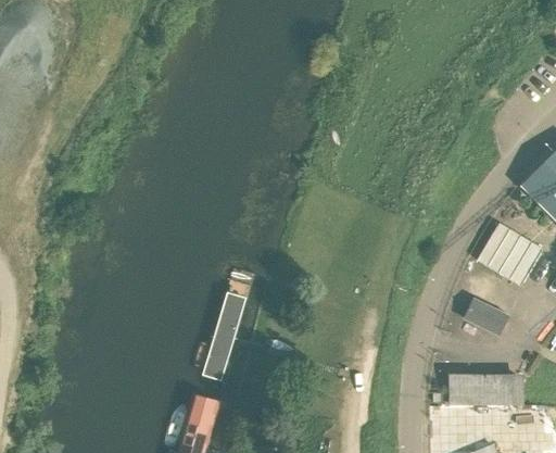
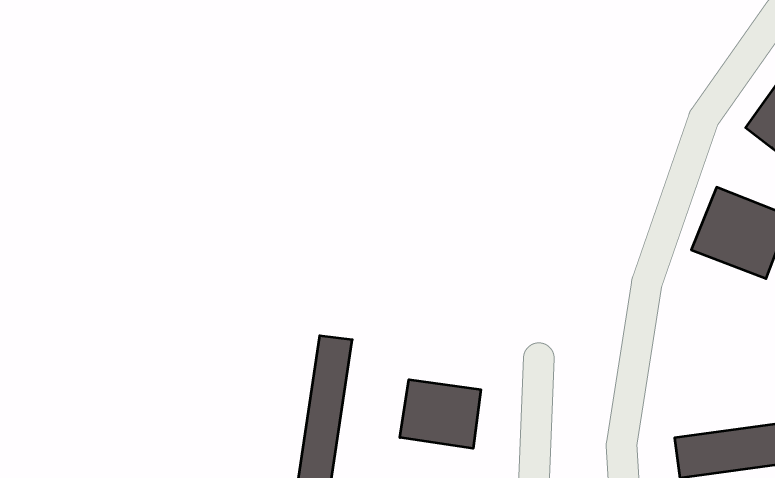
building: [464,299,506,335] -> none
building: none -> [400,380,481,448]

